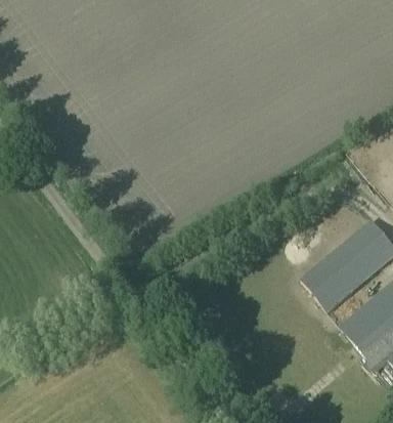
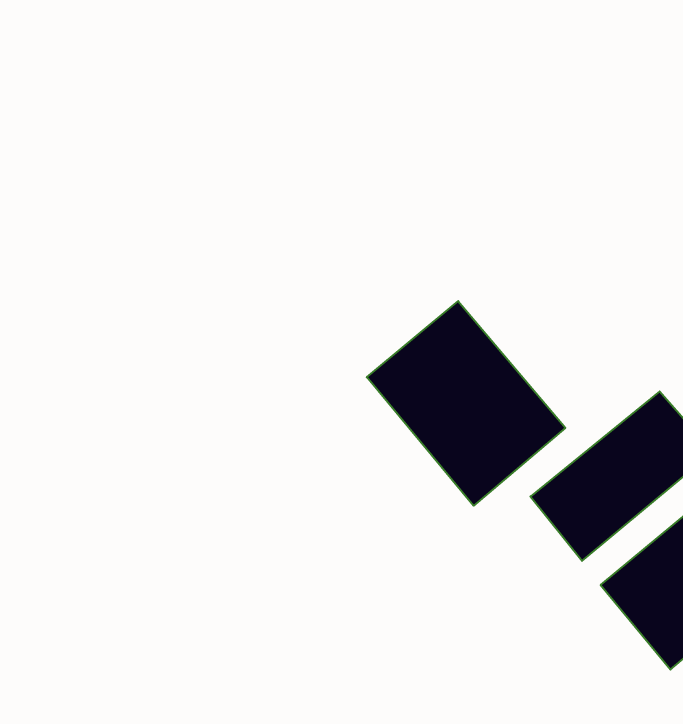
building: none -> [367,301,565,506]

